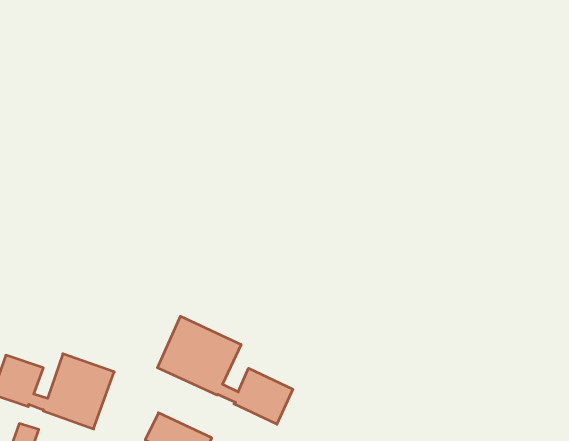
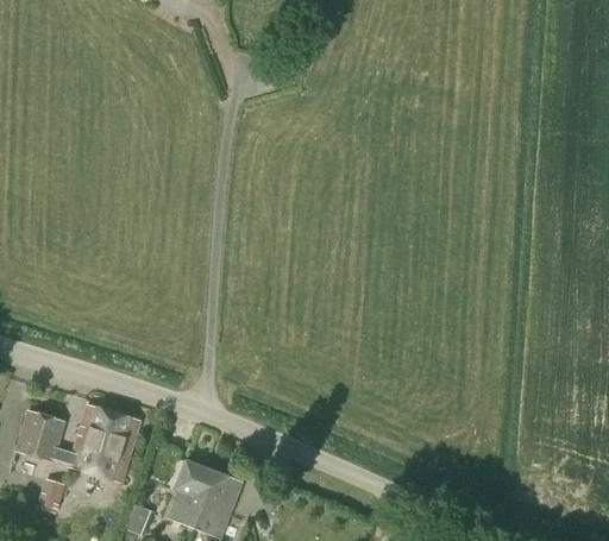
building: [157,316,293,424] -> none

